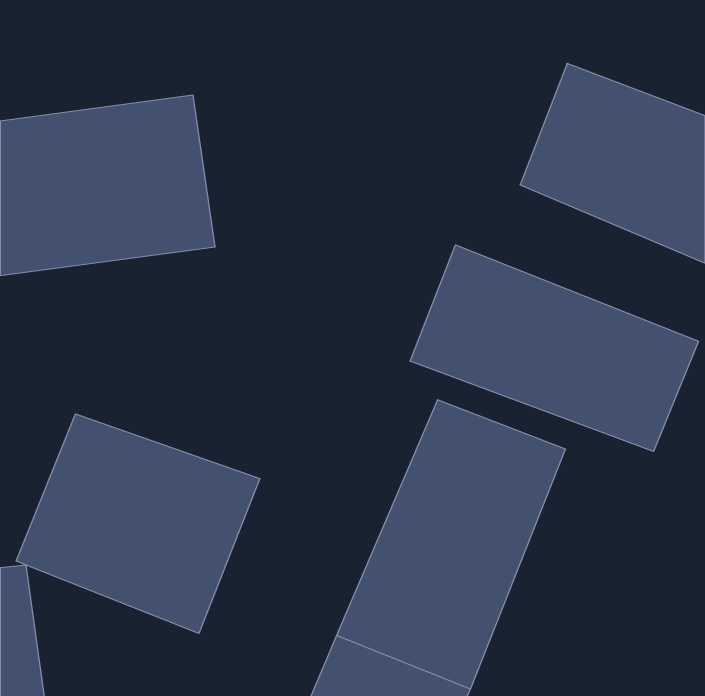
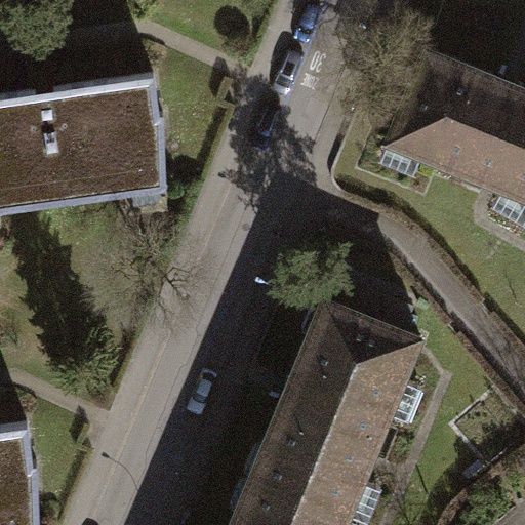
building: [410,245,699,451] -> none
building: [16,414,260,633] -> none

